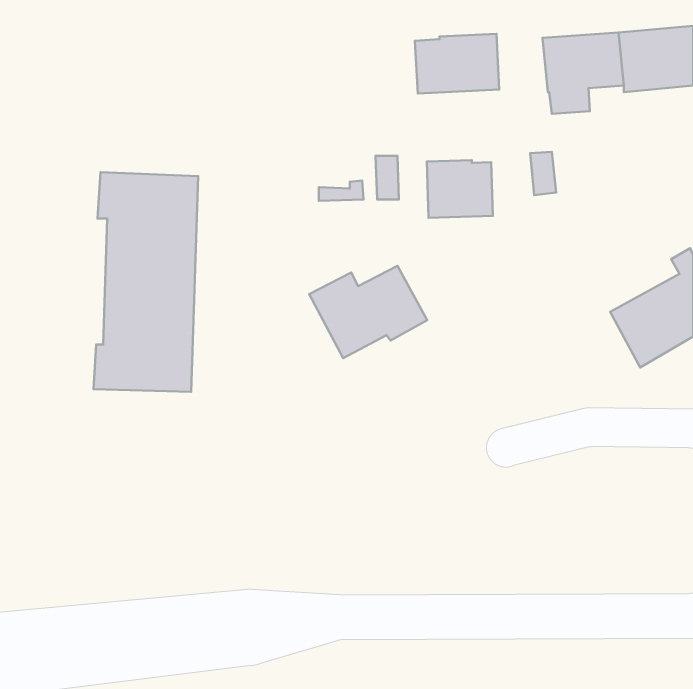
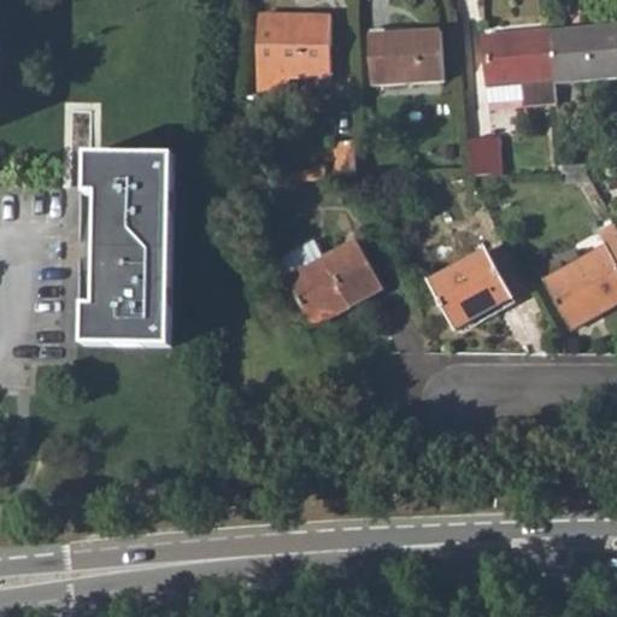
building: none -> [255,17,330,94]
building: [427,160,493,218] -> none
building: none -> [424,247,507,327]

